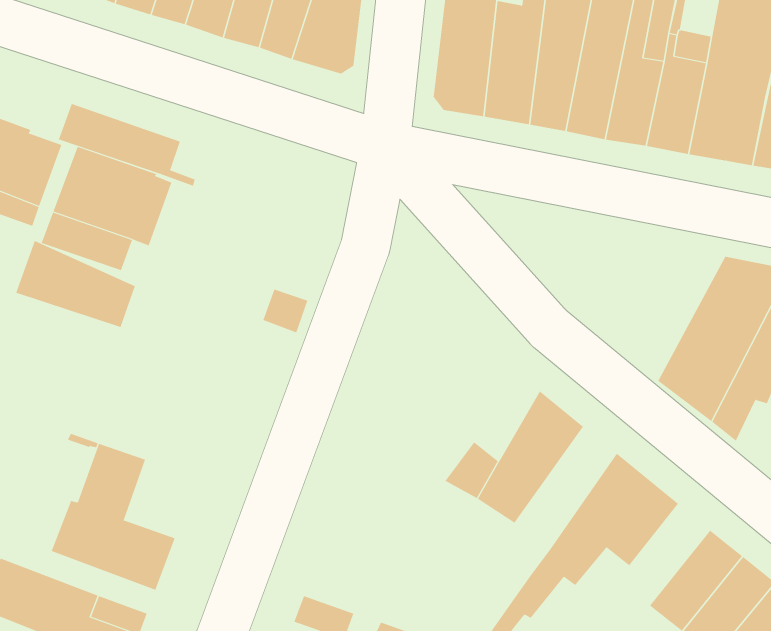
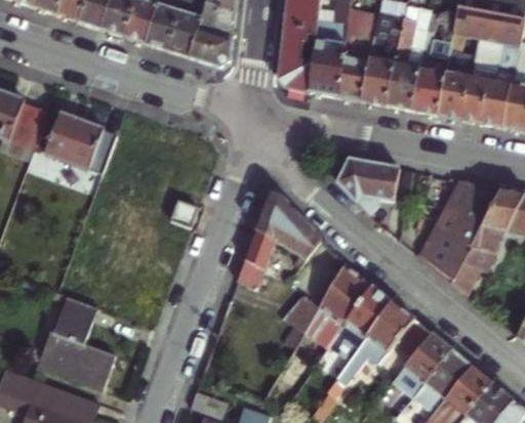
building: [58,103,196,186] -> none
building: none -> [337,158,398,215]
building: [16,240,136,328] -> none
building: none -> [237,194,320,289]
building: none -> [327,286,392,363]
building: none -> [392,334,450,398]

